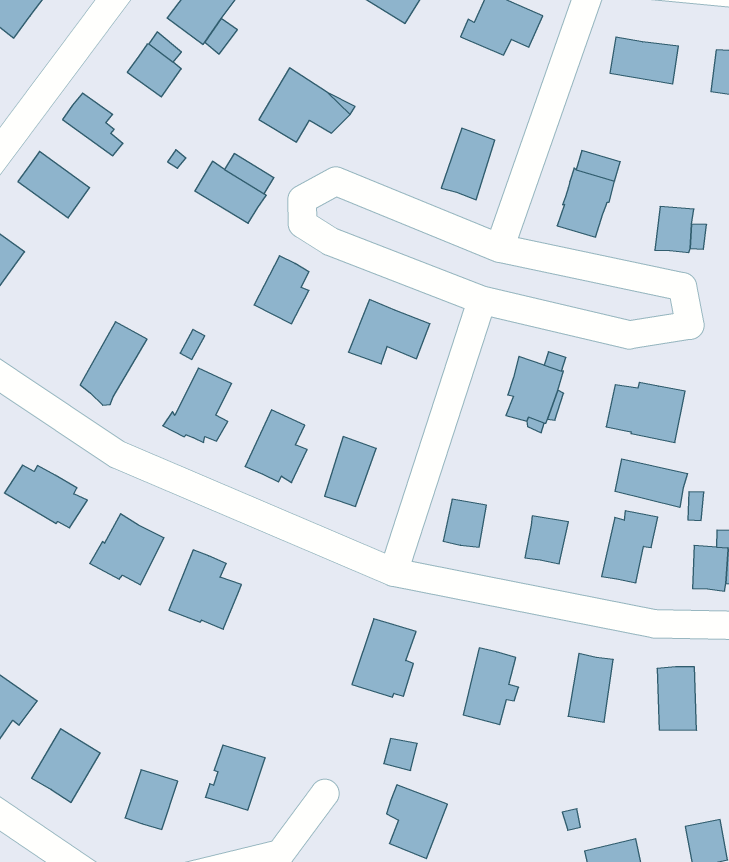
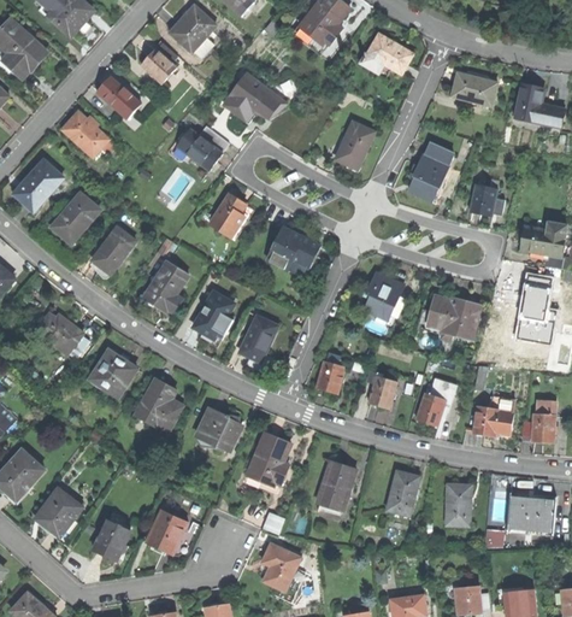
building: none -> [53,193,101,241]
building: [615,459,688,507] -> none
building: none -> [194,406,240,449]

